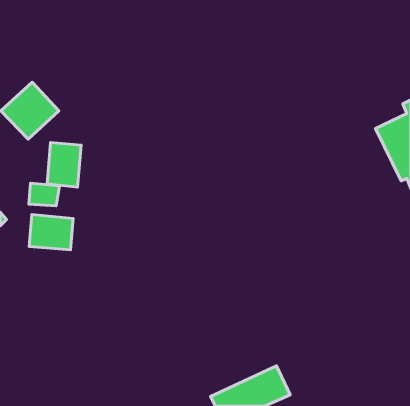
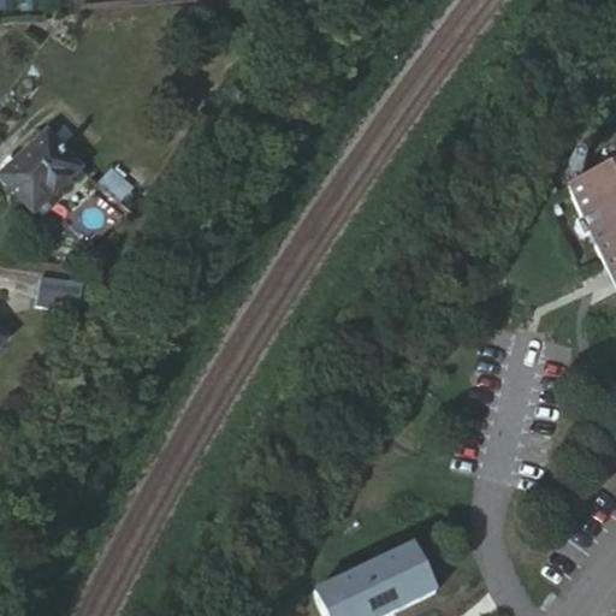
building: [47,143,81,187] -> none
building: [29,214,73,250] -> none

